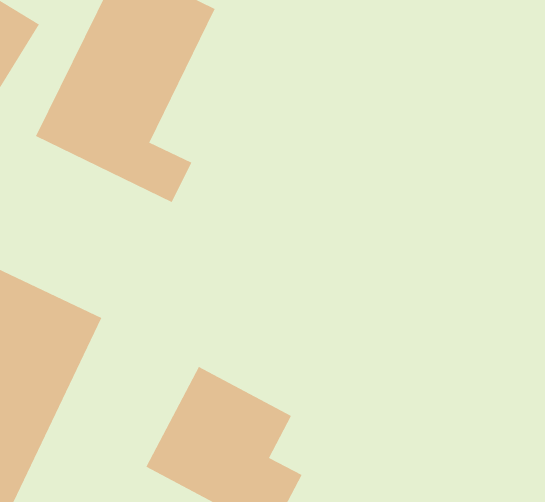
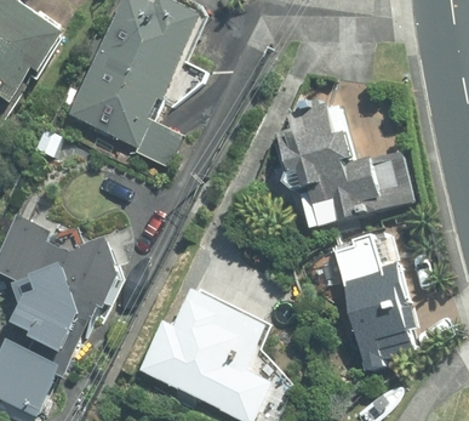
building: none -> [278,95,407,228]
building: none -> [313,234,413,372]

